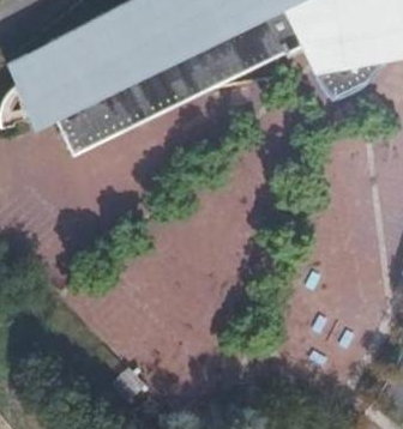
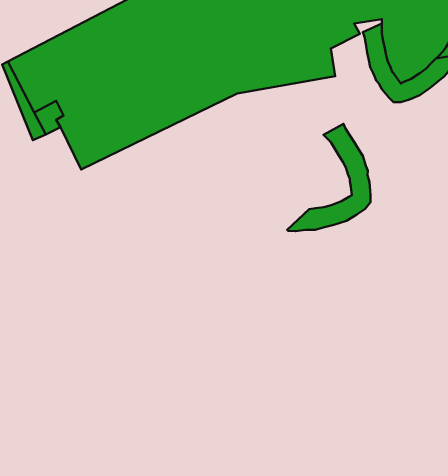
building: none -> [287,124,371,231]

